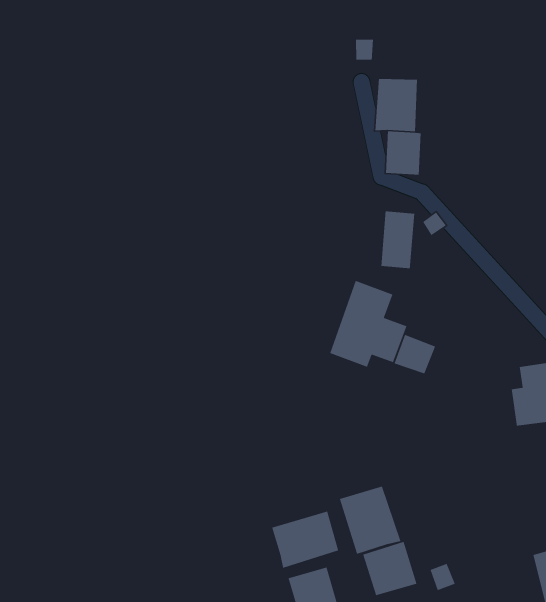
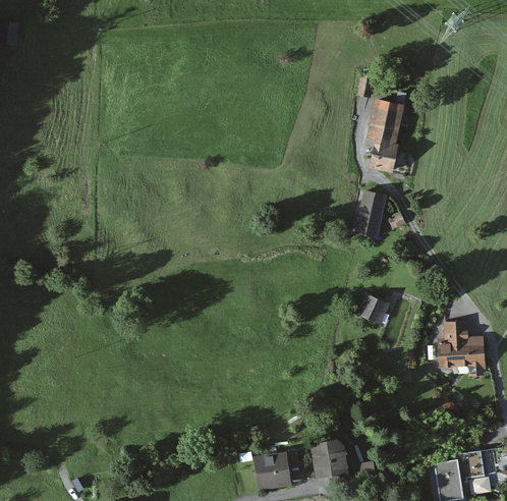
building: [329,280,407,368] -> none
building: [339,485,402,555] -> none
building: [271,511,339,569] -> none

